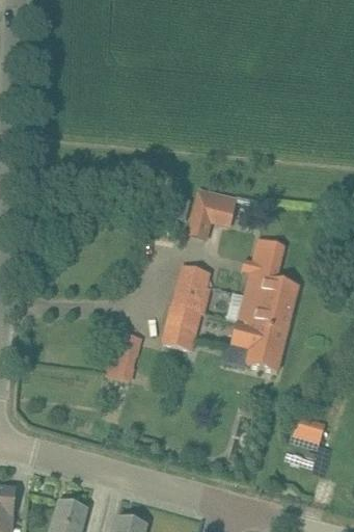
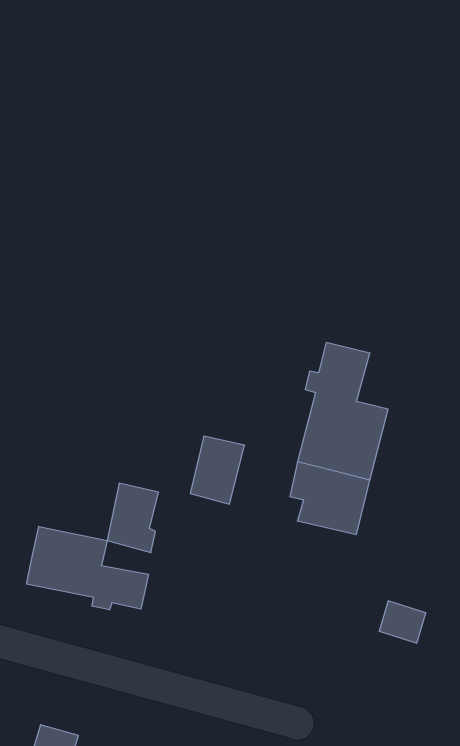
building: [191,190,237,228] -> none
building: [172,264,210,310] -> none
building: none -> [27,526,148,610]

